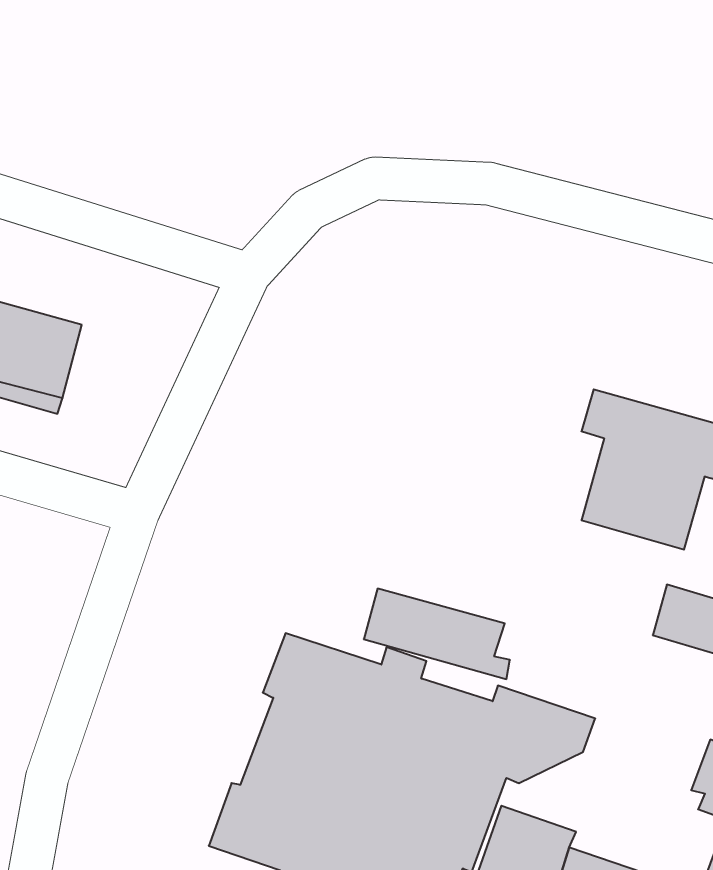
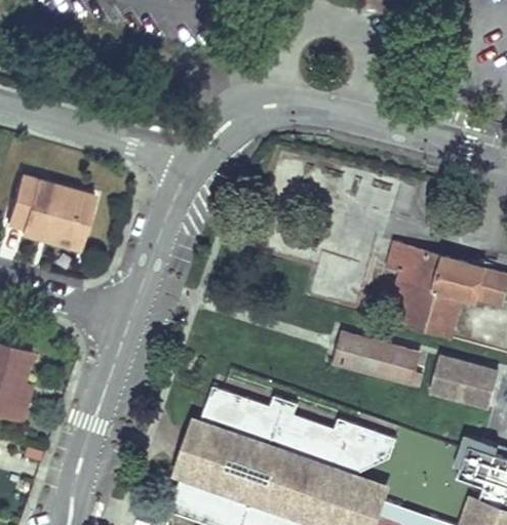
building: [364,589,510,679] -> [336,330,422,383]

